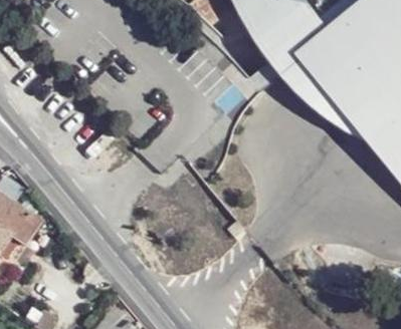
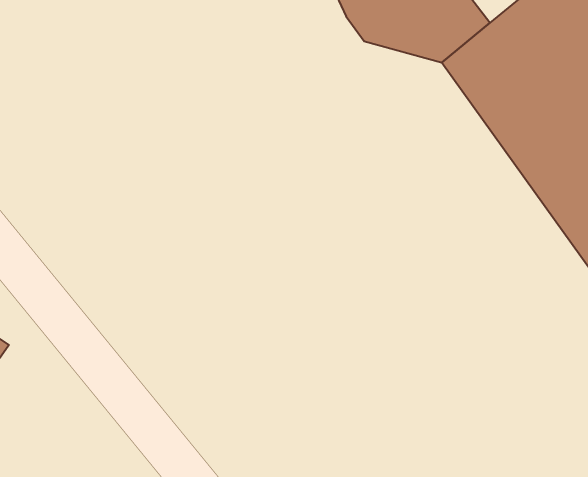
building: [257,38,373,146] -> none

